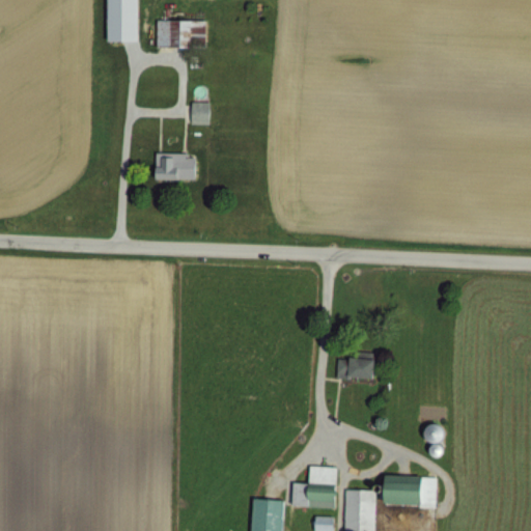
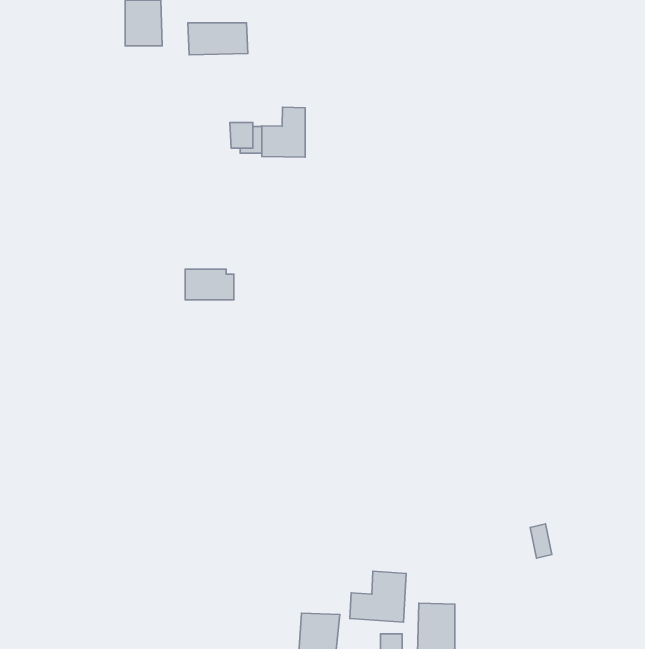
building: none -> [262,107,305,157]
building: [157,155,196,179] -> [185,269,234,300]
building: [336,354,374,381] -> none
building: [385,475,432,506] -> none

